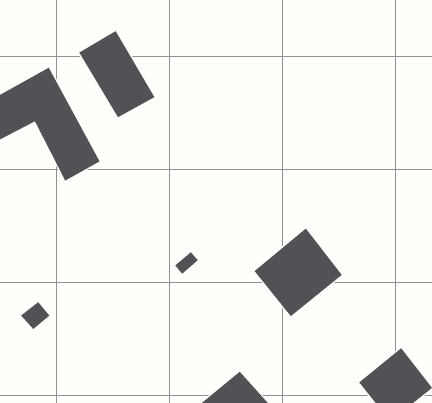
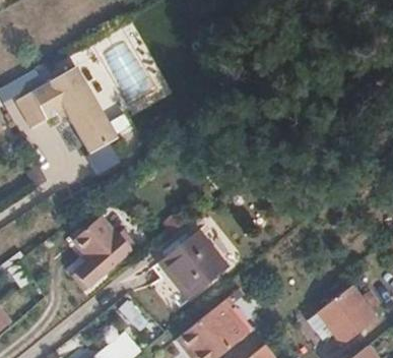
building: [254,228,343,317] -> [159,226,228,295]
building: none -> [71,216,128,287]

